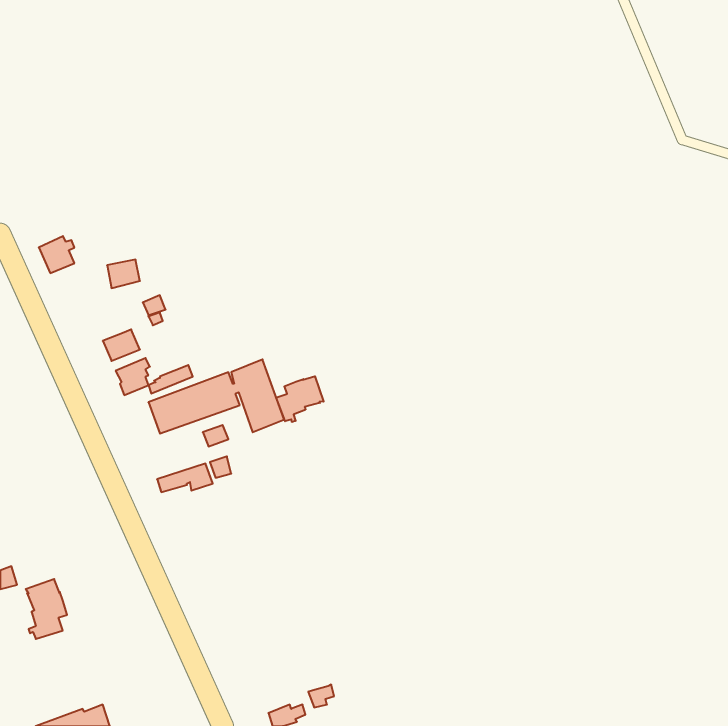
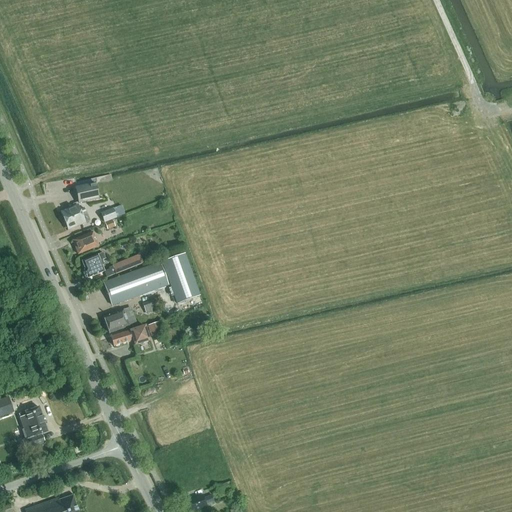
building: [39,236,74,273] -> [61,203,86,229]
building: [276,376,324,422] -> none
building: none -> [104,306,137,332]

